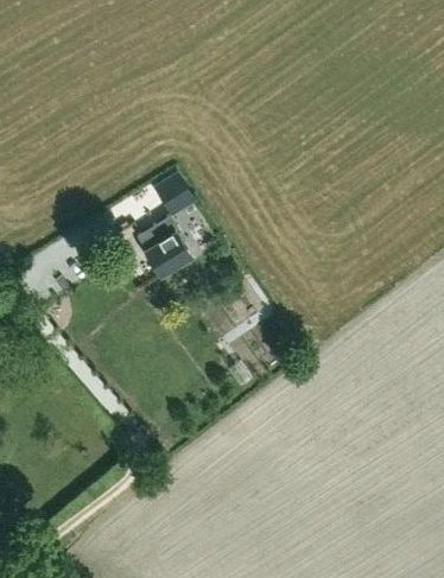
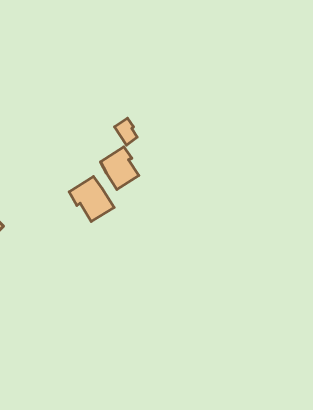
building: none -> [69,177,114,222]

